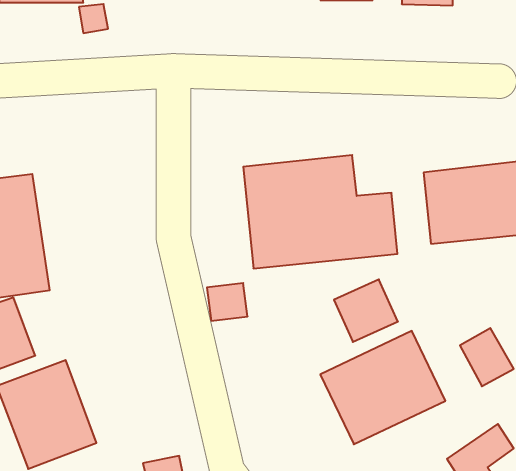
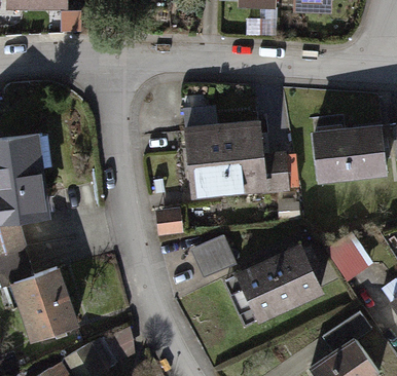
building: [334,279,398,342] -> [193,235,239,279]

